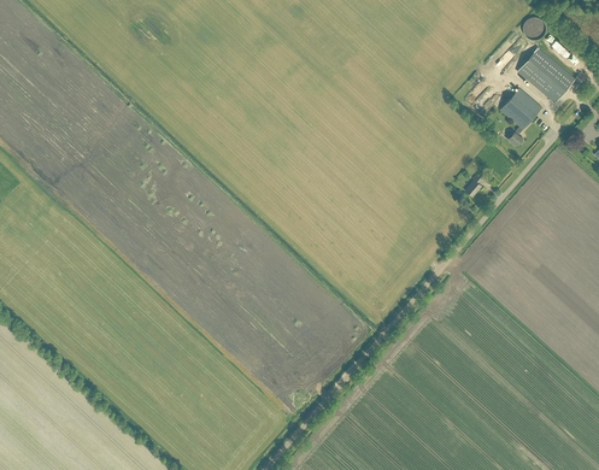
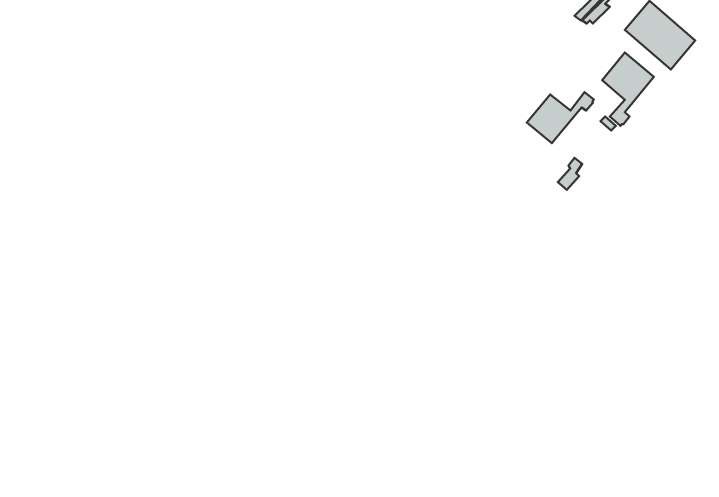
building: none -> [527,92,594,143]

